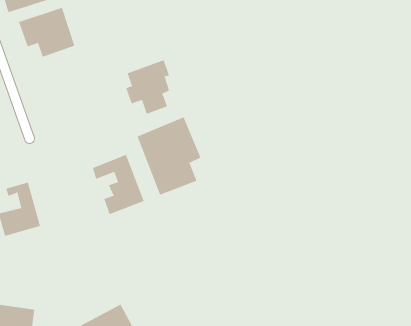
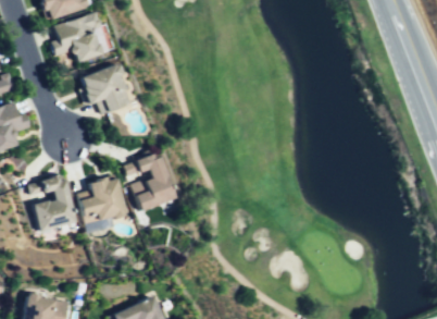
building: [126,60,170,114] -> [82,61,124,113]
building: [137,117,201,195] -> none
building: none -> [82,174,128,225]

